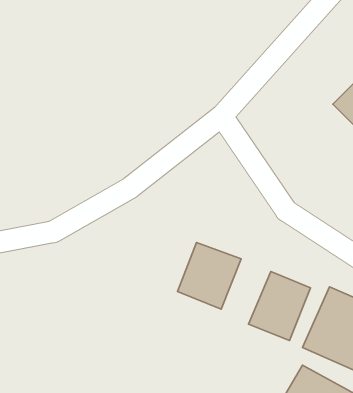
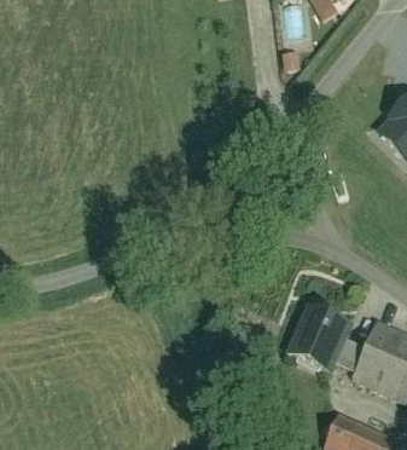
building: [177,243,241,309] -> none

